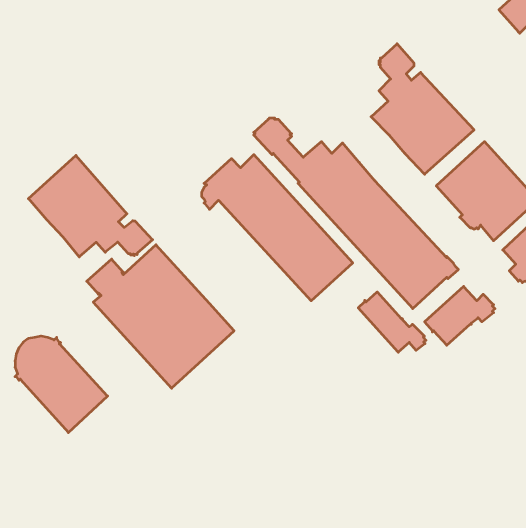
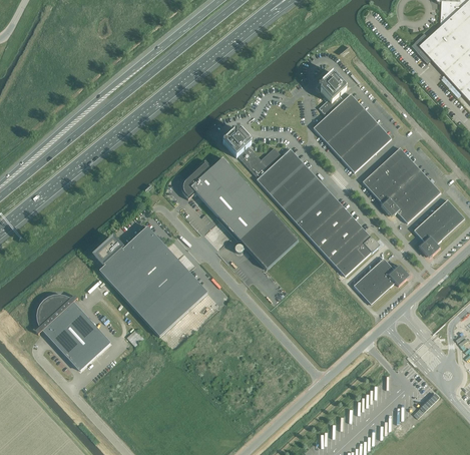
building: [28,155,153,257] -> none
building: [358,292,426,352] -> none

